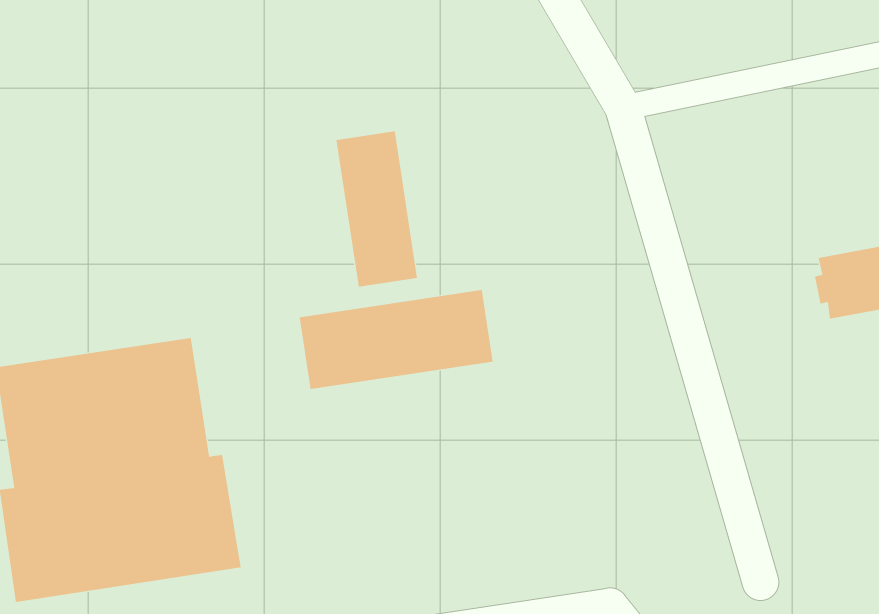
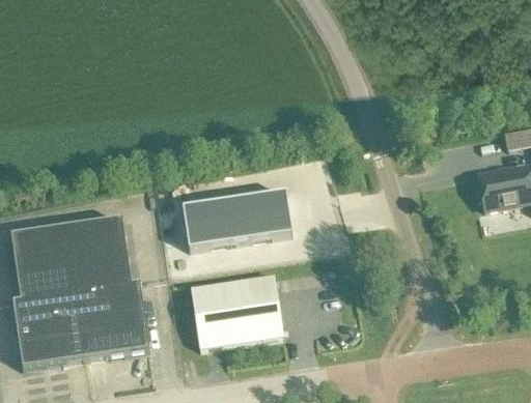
building: [336,131,417,287] -> none
building: none -> [190,275,282,349]

